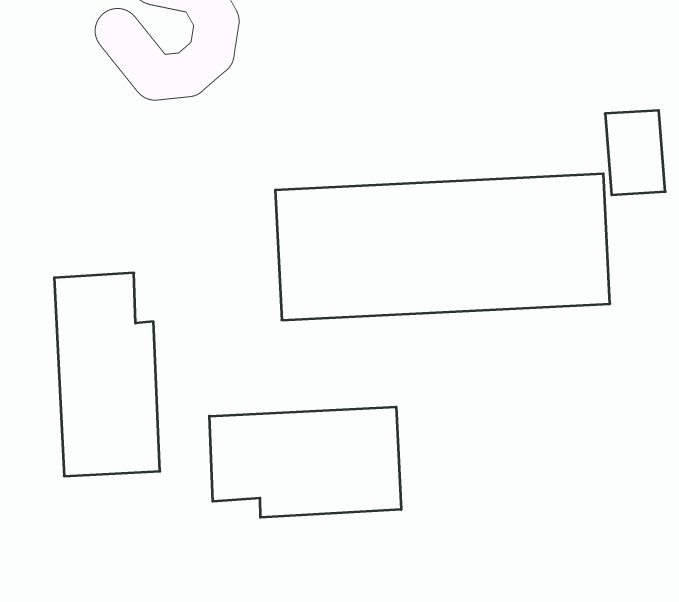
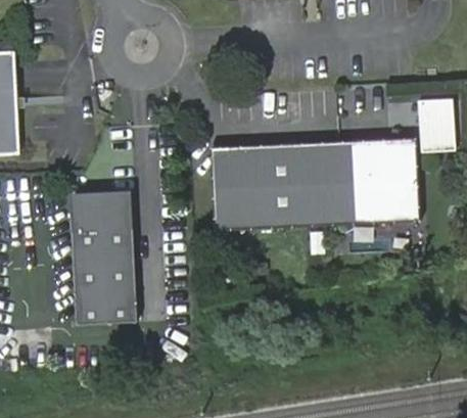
building: none -> [71,192,133,231]
building: [209,407,401,517] -> none

